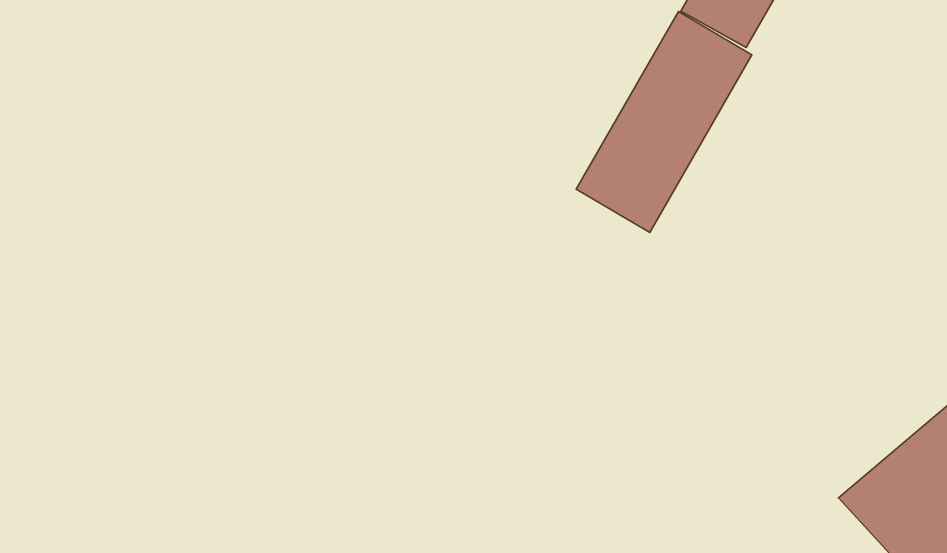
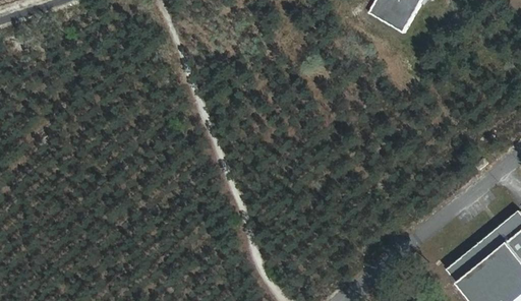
building: [576,11,752,233] -> none

